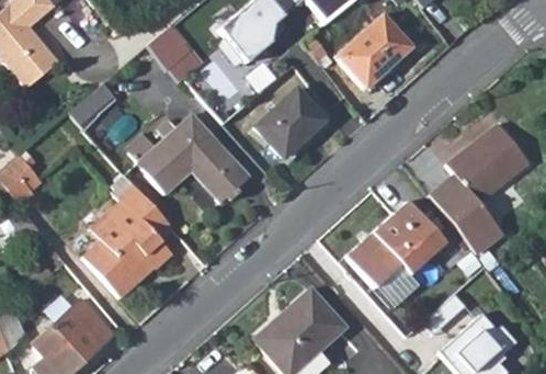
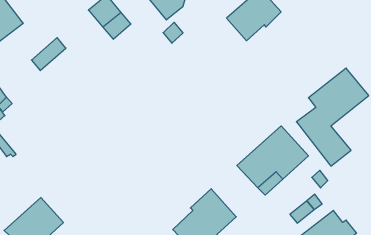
building: [255,88,322,155] -> none
building: [126,114,249,204] -> none
building: [86,183,174,296] -> none

